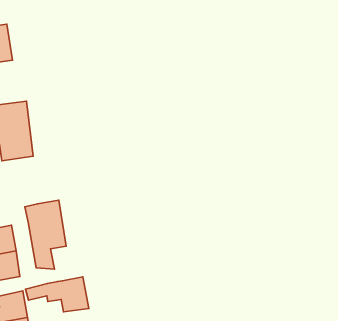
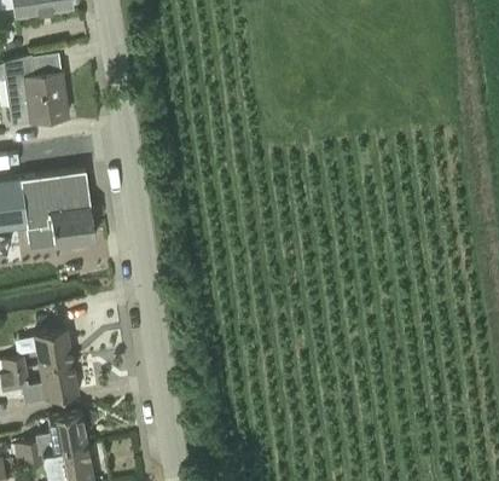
building: [25,200,66,269] -> none
building: [26,277,89,312] -> none

